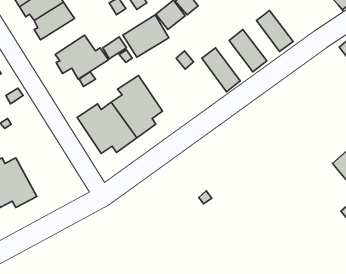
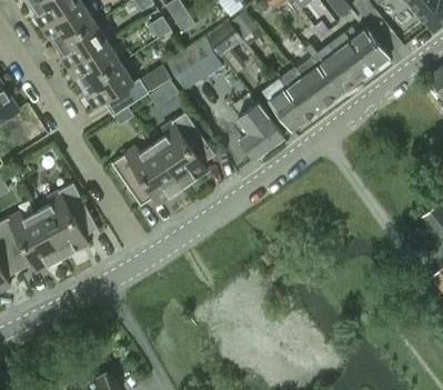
building: none -> [344,28,389,71]
building: none -> [67,43,120,87]
building: none -> [305,46,356,94]
building: none -> [279,68,324,119]
building: none -> [238,102,284,160]
building: none -> [37,183,98,259]

